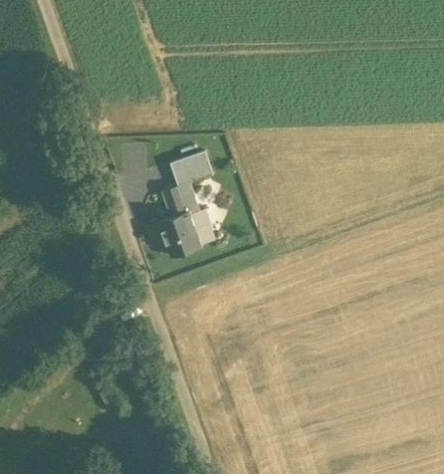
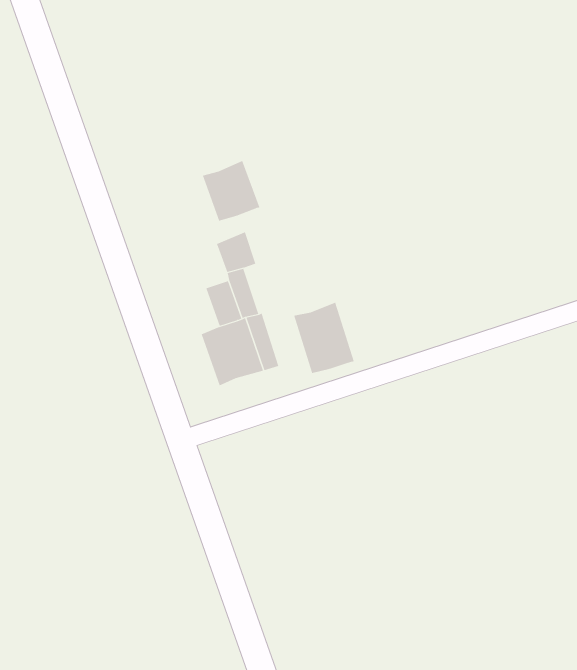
building: none -> [202,160,260,222]
building: none -> [294,302,354,374]

